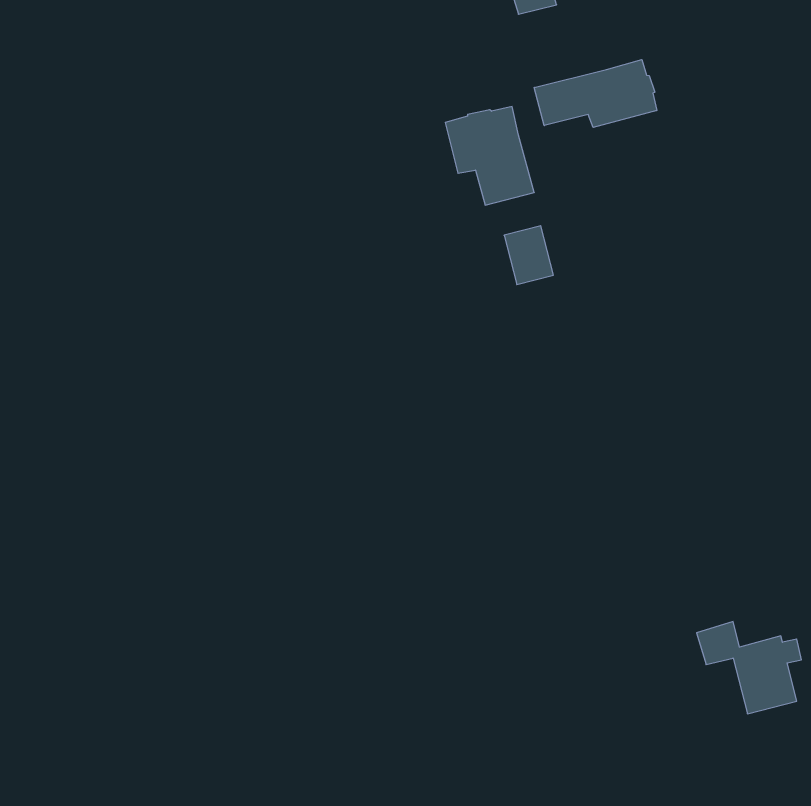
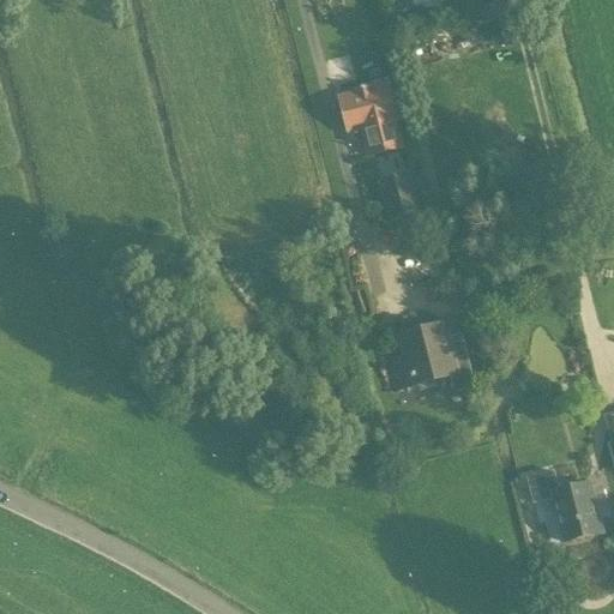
building: [534,60,657,127] -> none
building: none -> [387,321,474,391]

